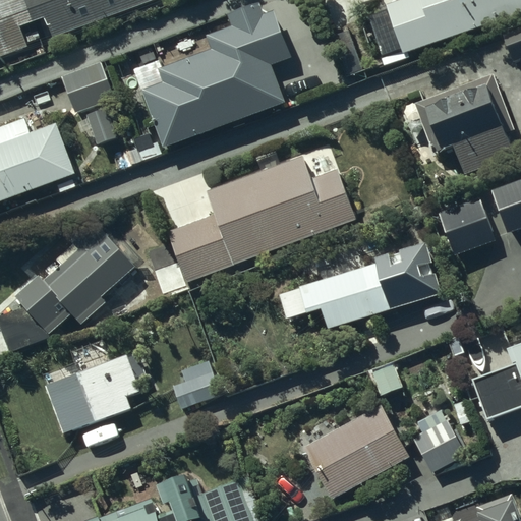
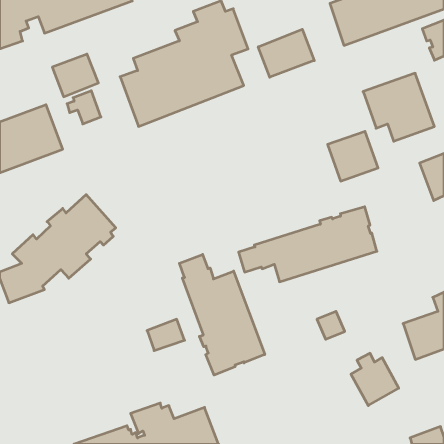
building: none -> [258,29,314,77]
building: [167,155,354,281] -> none
building: [439,196,498,254] -> [328,131,378,181]
building: none -> [179,254,265,375]
building: [45,351,144,433] -> none
building: [303,404,410,499] -> none

